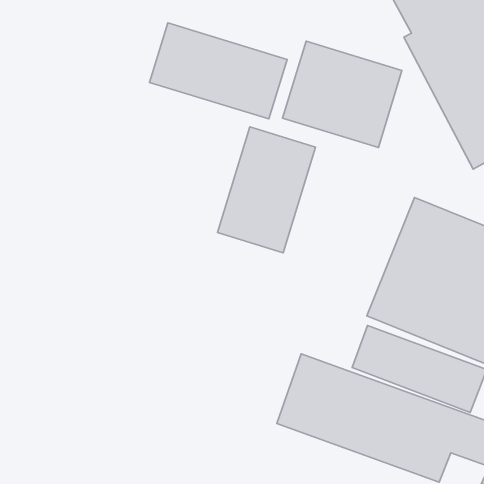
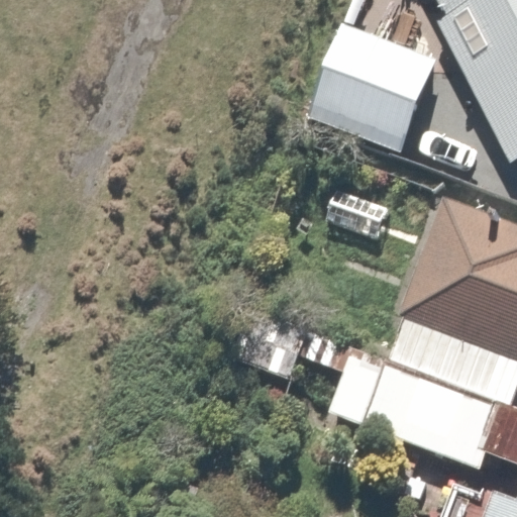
building: [149,23,287,119] -> none
building: [217,127,316,253] -> none

